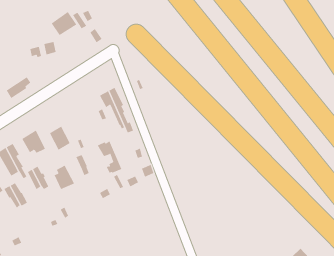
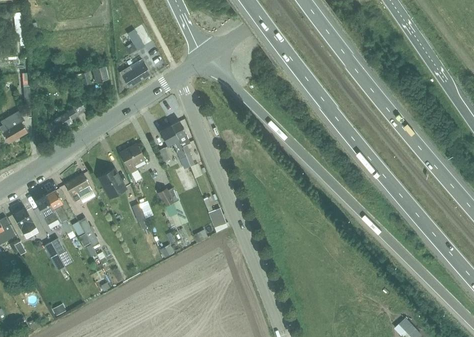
building: [51,11,77,36] -> [120,58,152,88]
building: none -> [120,143,145,181]
building: [54,165,75,190] -> none

